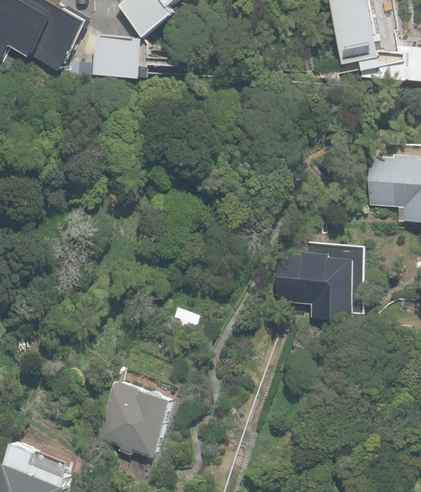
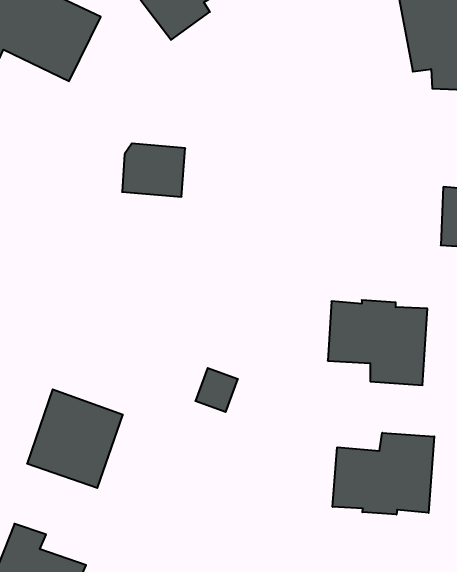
building: [91,33,143,77] -> [122,143,185,197]
building: none -> [333,433,434,515]
building: [93,377,172,458] -> [27,389,123,488]

